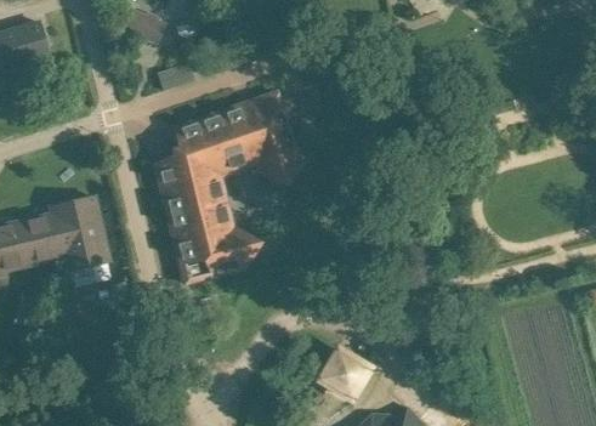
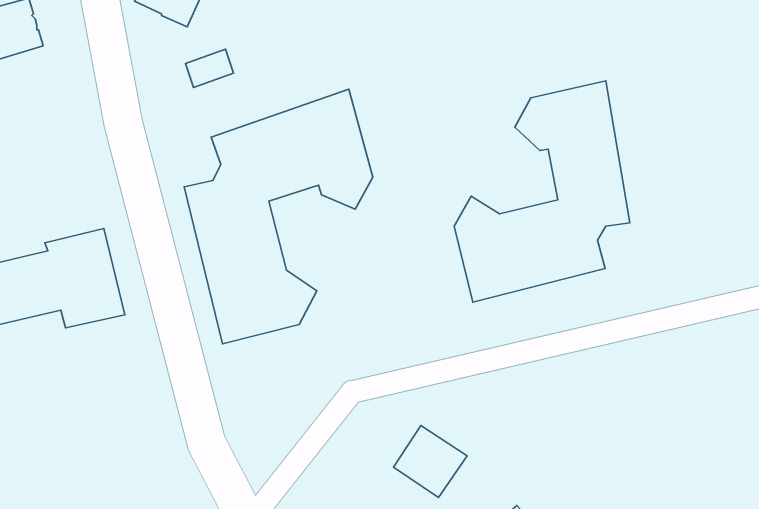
building: none -> [454,81,630,302]

